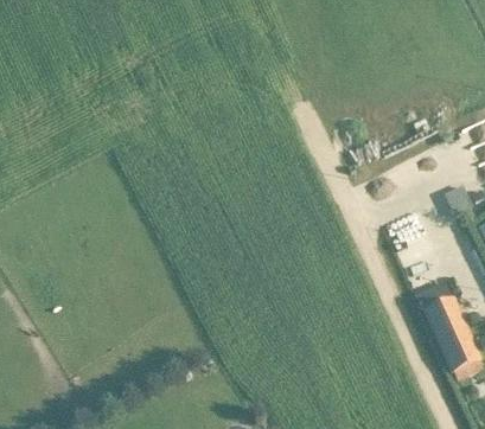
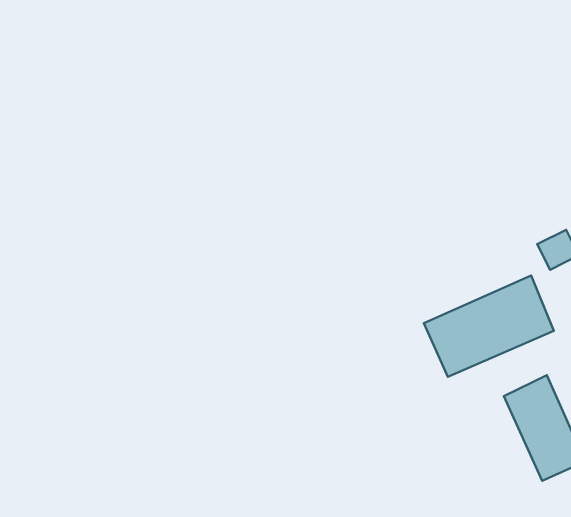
building: none -> [424,275,554,377]

